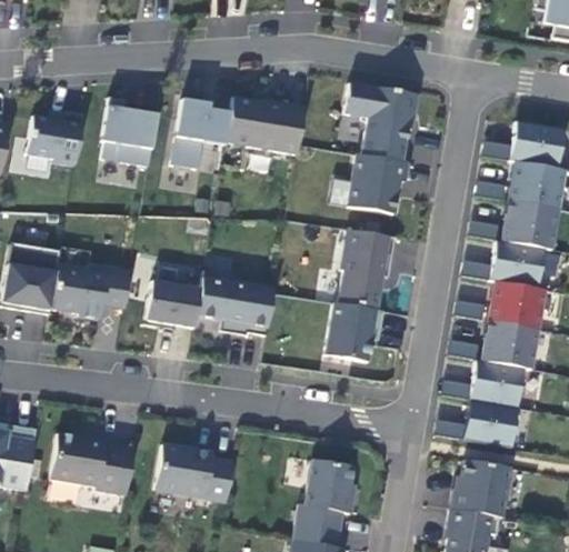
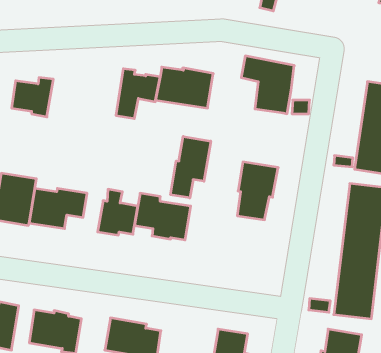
building: [102,98,158,167] -> none
building: [348,154,402,213] -> none
building: none -> [171,136,211,198]
building: [326,302,383,362] -> none

